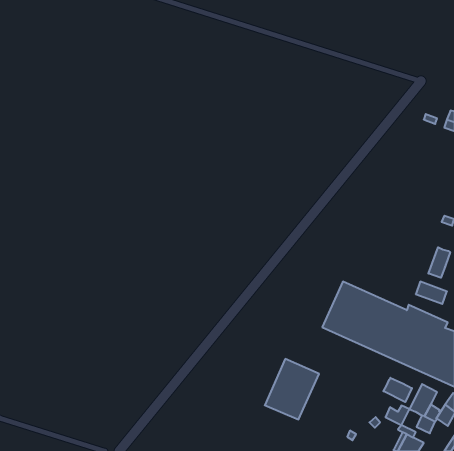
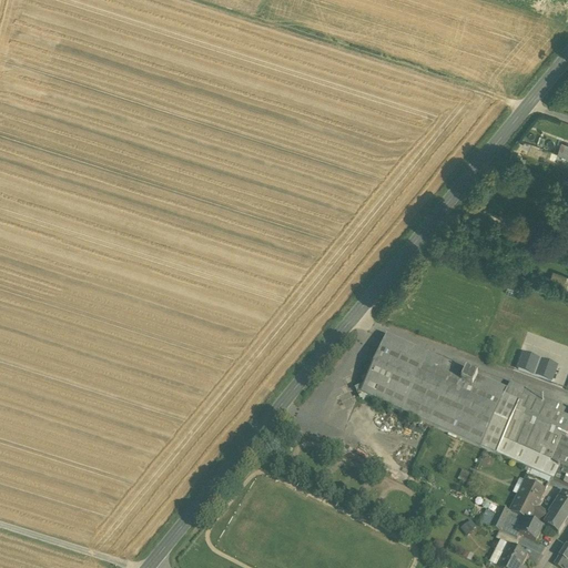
building: [428,247,450,278] -> none
building: [265,359,319,419] -> [361,332,428,407]
building: [383,378,412,402] -> none

